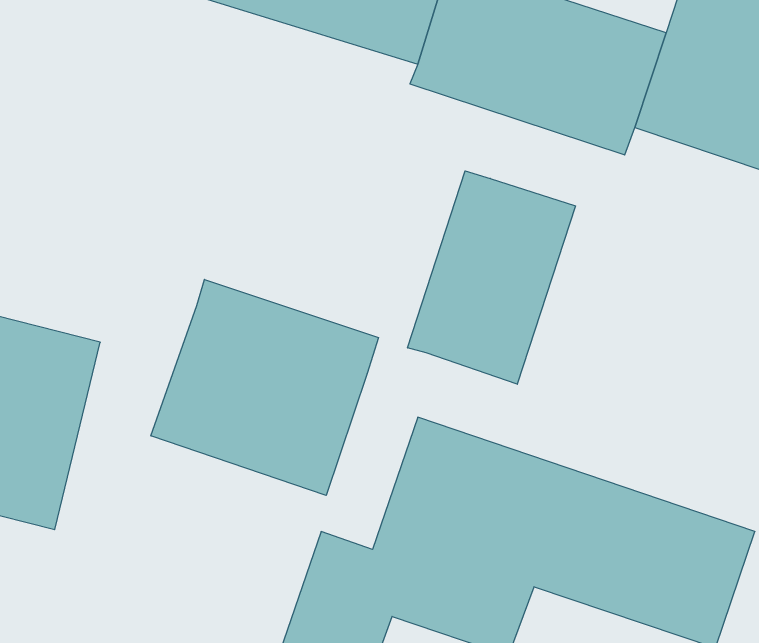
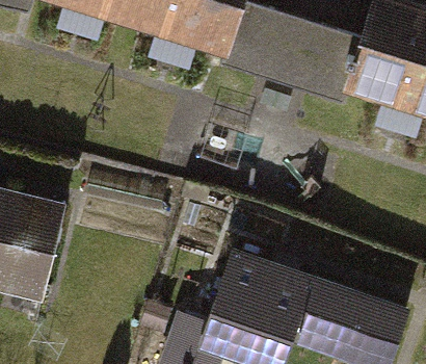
building: [408,171,576,384] -> none
building: [151,279,379,495] -> none

